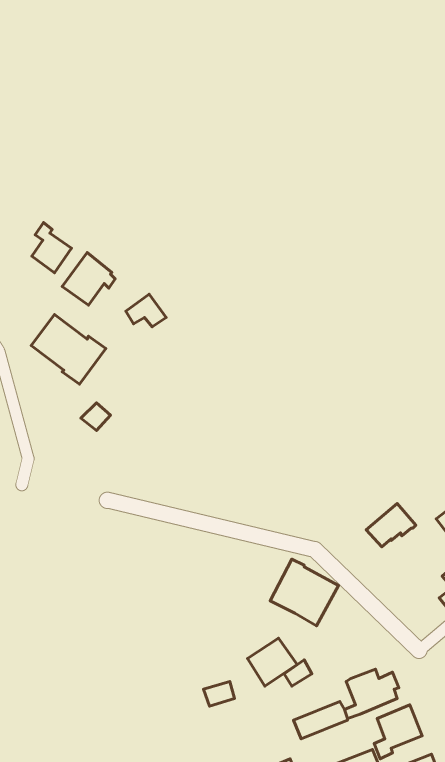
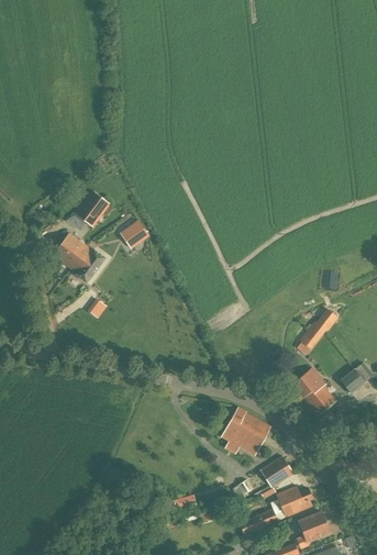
building: [32,223,72,273] -> none
building: none -> [299,309,339,349]
building: none -> [301,386,335,418]
building: [248,638,297,686] -> [259,455,295,489]

